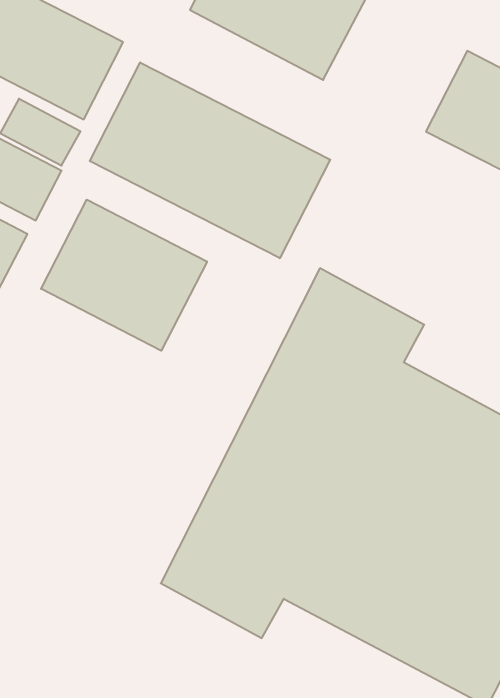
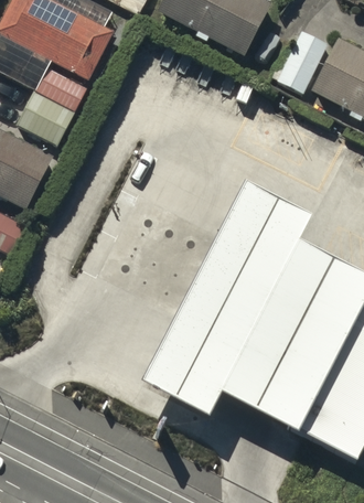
building: none -> [277,31,331,94]
building: [90,62,330,258] -> none
building: [41,200,207,351] -> none

